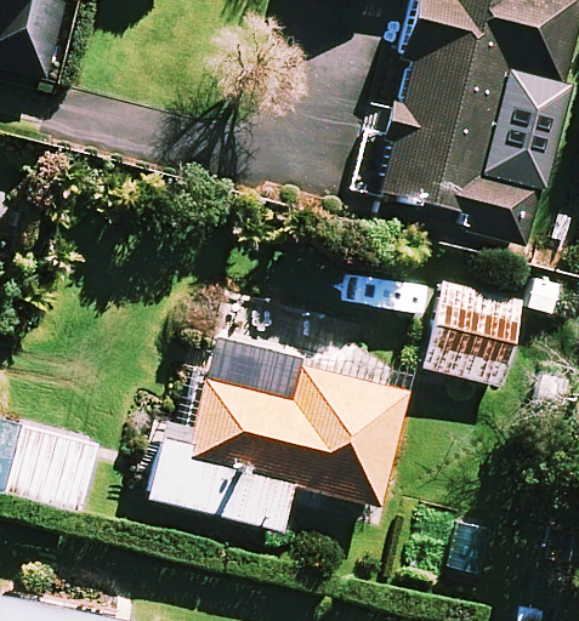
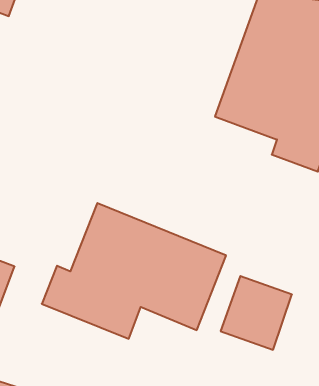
building: [425,283,523,384] -> [221,276,292,350]

